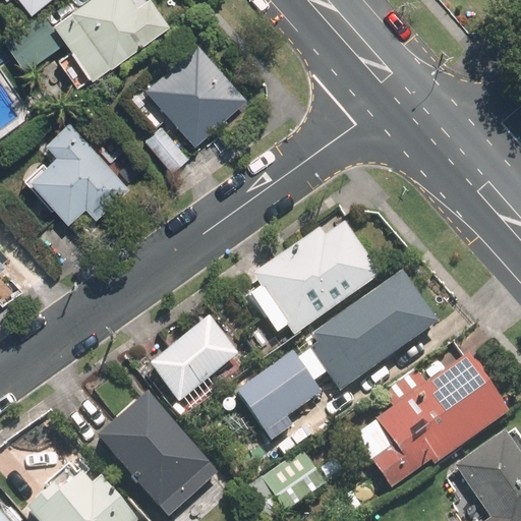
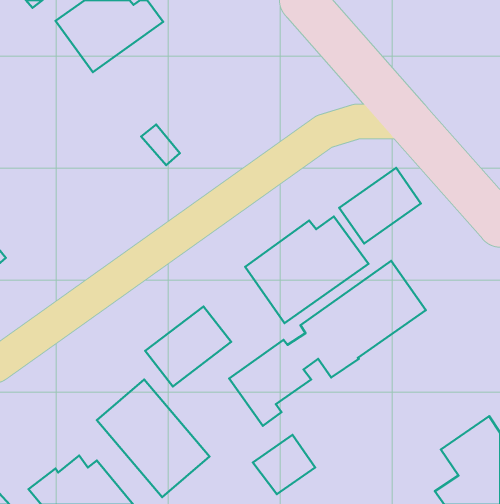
building: [149,47,245,143] -> none
building: [35,122,125,221] -> none
building: none -> [339,168,421,244]
building: [371,353,507,486] -> none

